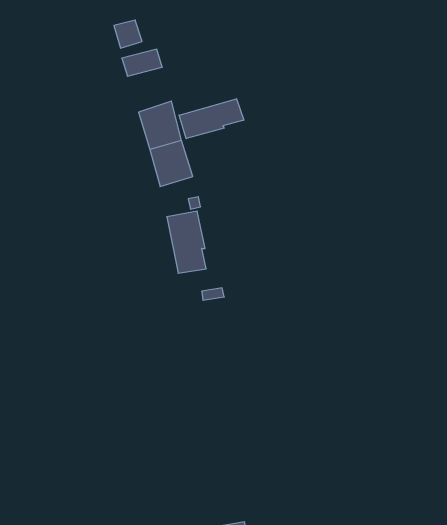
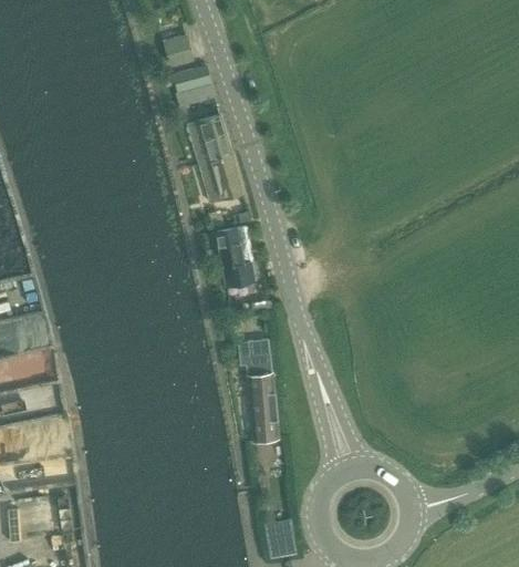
building: [179,99,244,139] -> none
building: none -> [236,339,278,442]

